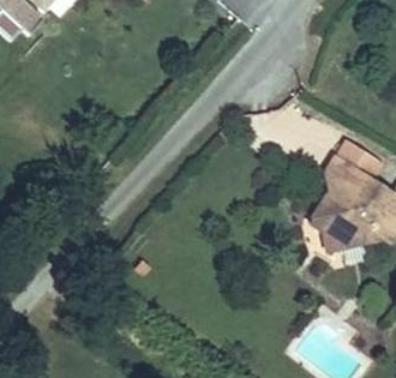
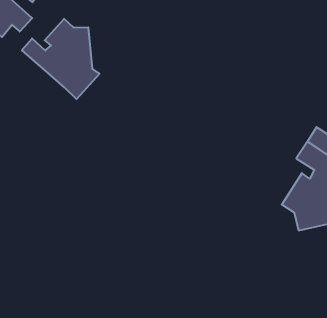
building: none -> [22,19,99,99]

